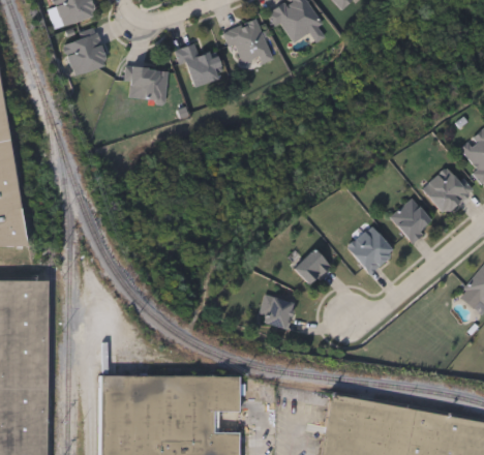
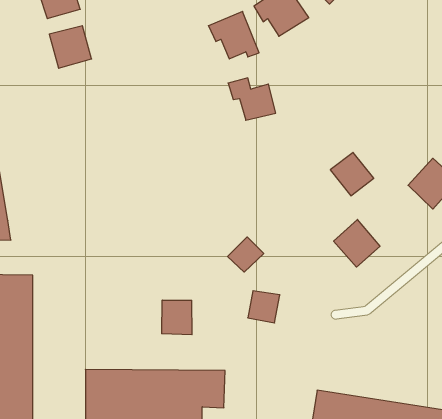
building: [176,43,223,86] -> [228,78,276,120]
building: [125,67,168,100] -> none
building: [391,199,434,242] -> [330,152,374,196]
building: [295,249,331,284] -> [228,237,264,272]
building: none -> [162,300,192,335]

